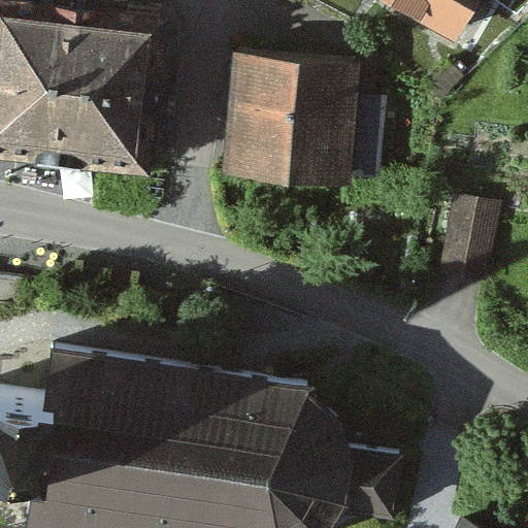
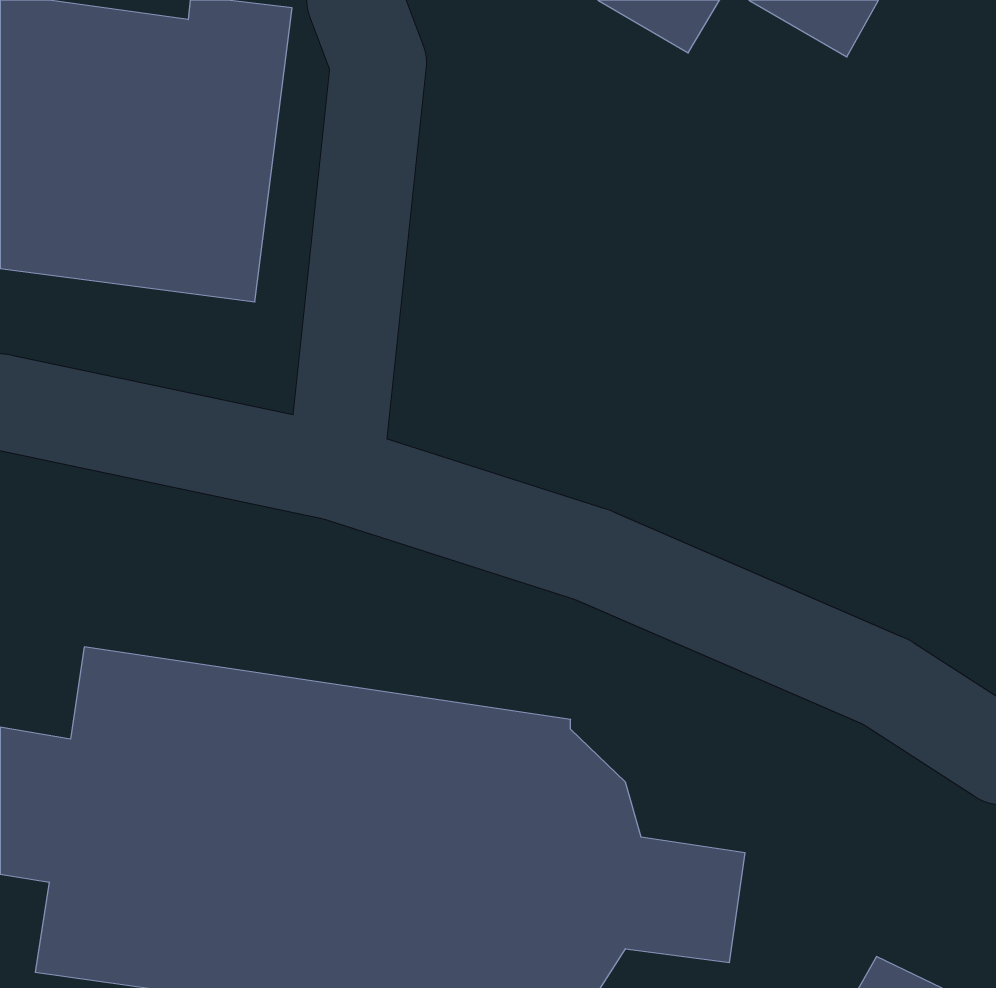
building: [223,55,378,178] -> none
building: [441,200,503,276] -> none

